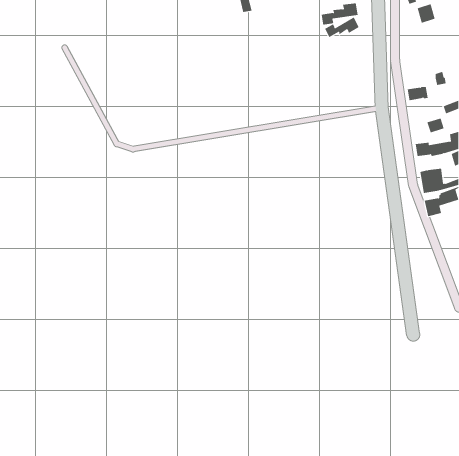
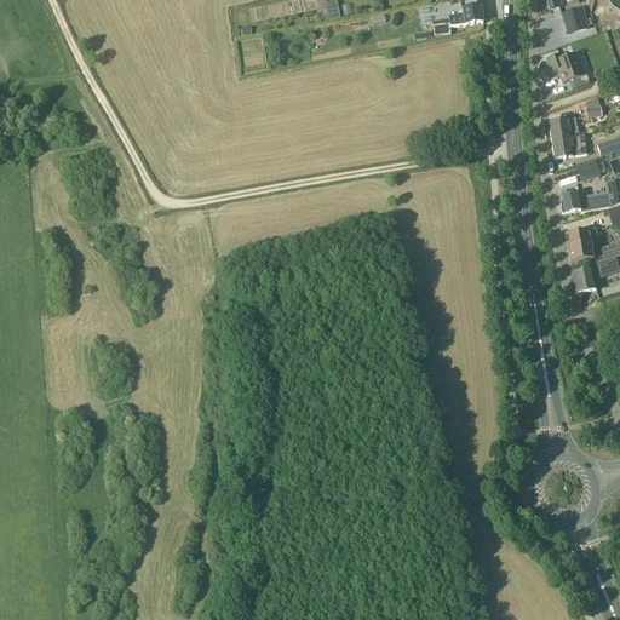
building: [325,17,360,38] -> none
building: none -> [546,51,584,81]
building: none -> [551,132,586,157]

